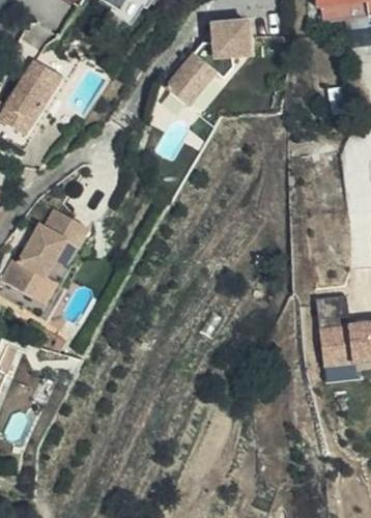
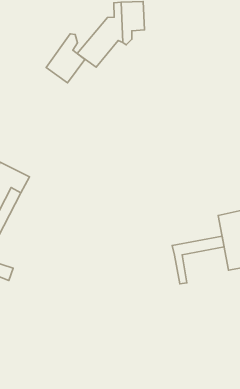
building: none -> [46,34,85,83]
building: none -> [172,236,224,284]

